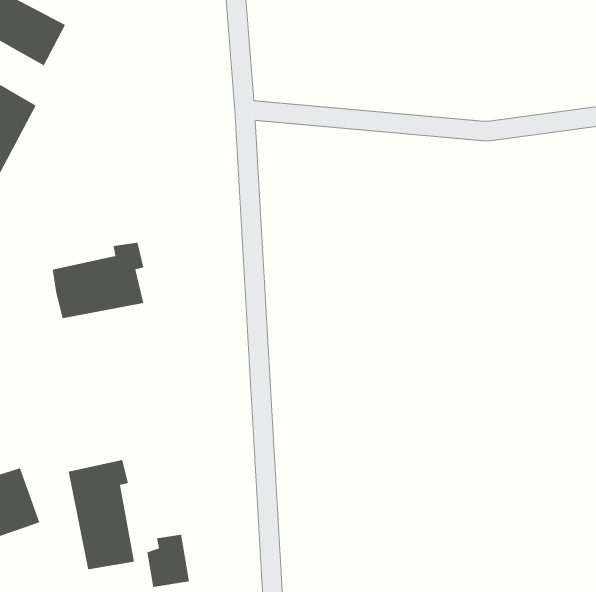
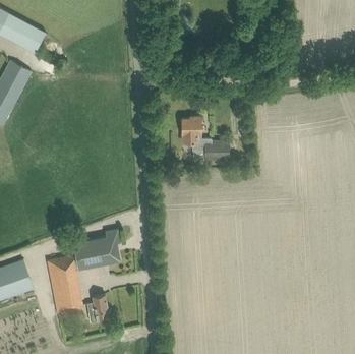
building: none -> [182,116,229,159]
building: [52,242,144,319] -> [73,229,121,269]

